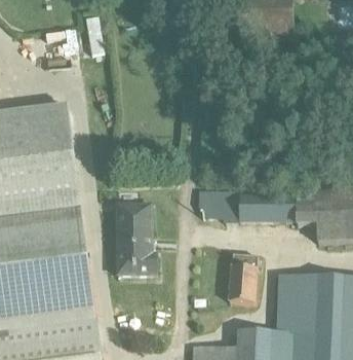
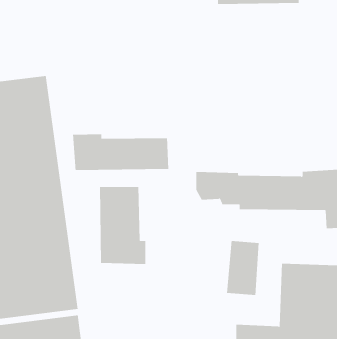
building: none -> [73,133,169,171]

